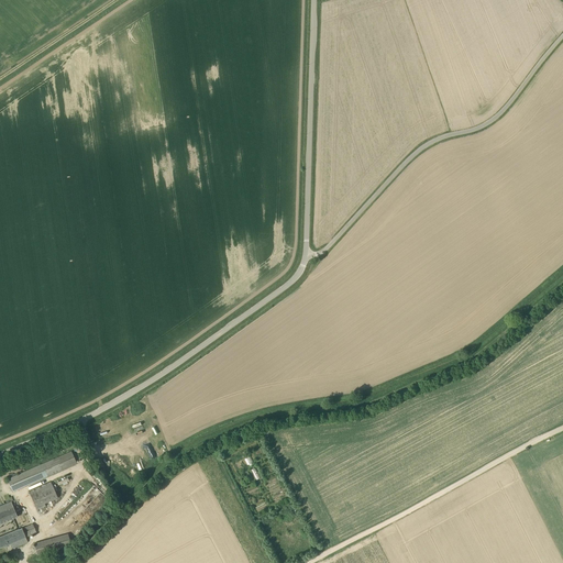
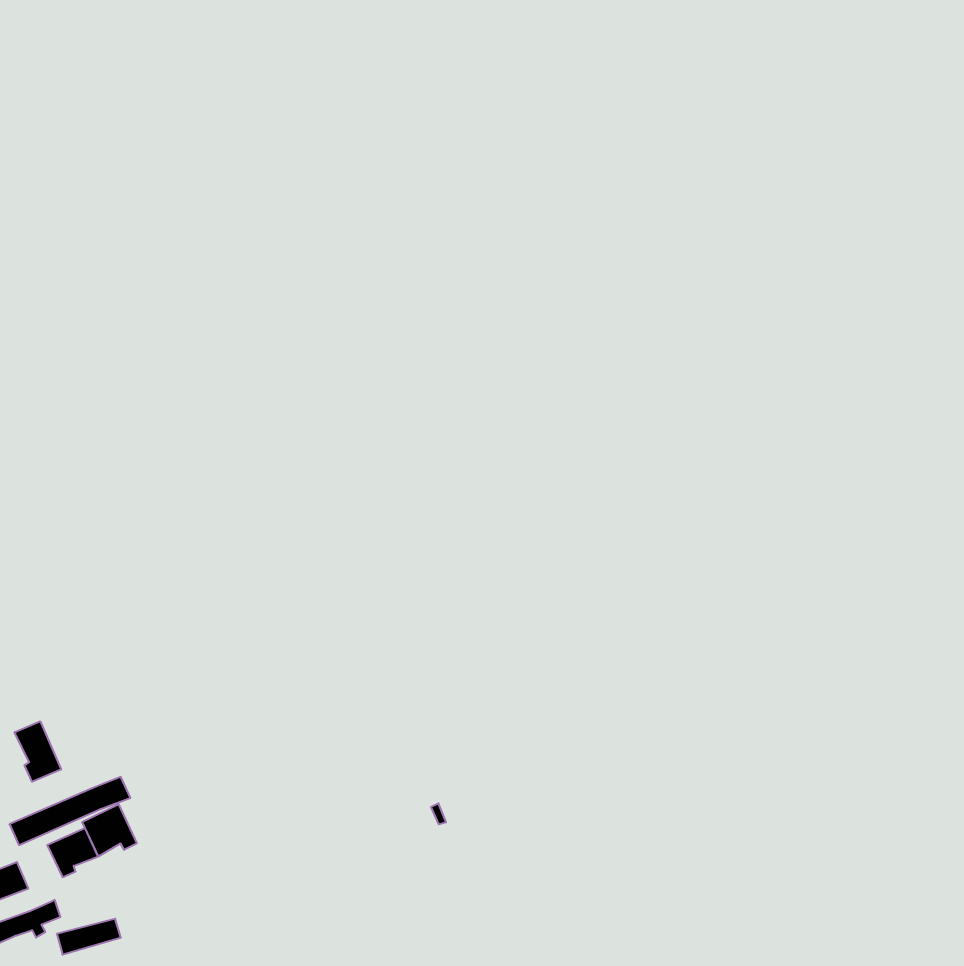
building: none -> [15,721,61,782]
building: none -> [82,804,137,856]

